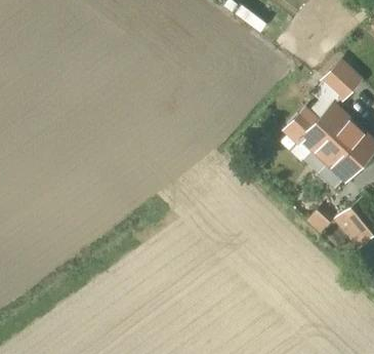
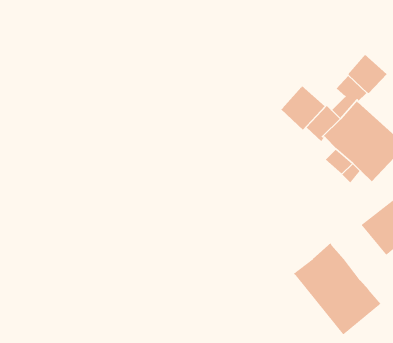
building: none -> [281,85,326,131]
building: none -> [292,242,381,336]

